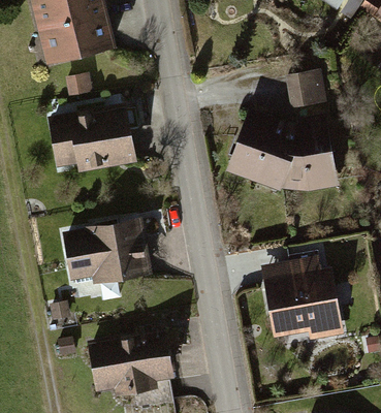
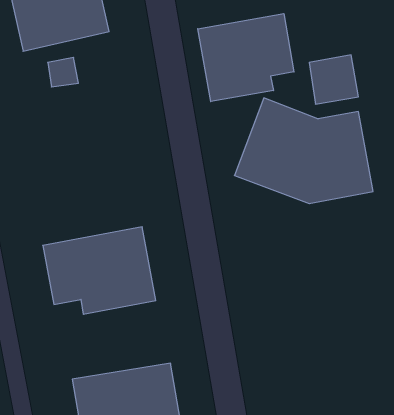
building: none -> [198,14,294,102]
building: [46,103,139,174] -> none
building: [261,256,342,341] -> none

